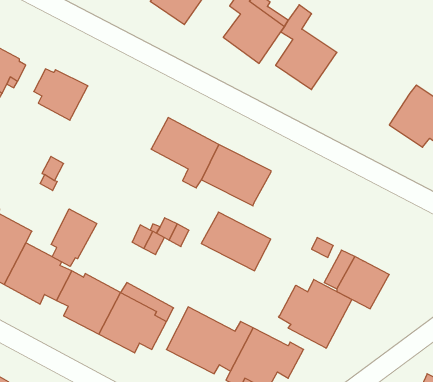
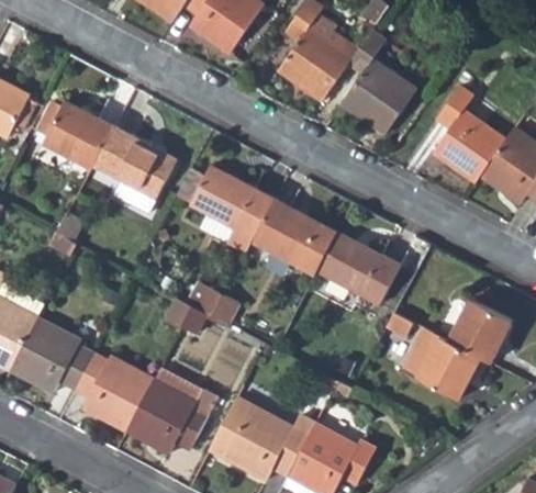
building: none -> [432,85,505,181]
building: none -> [93,127,176,211]
building: [51,209,97,266] -> none
building: [201,212,271,271] -> [315,232,400,303]
building: none -> [448,298,511,361]
building: [279,279,352,348] -> none

